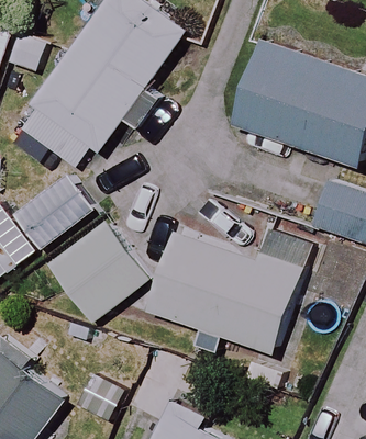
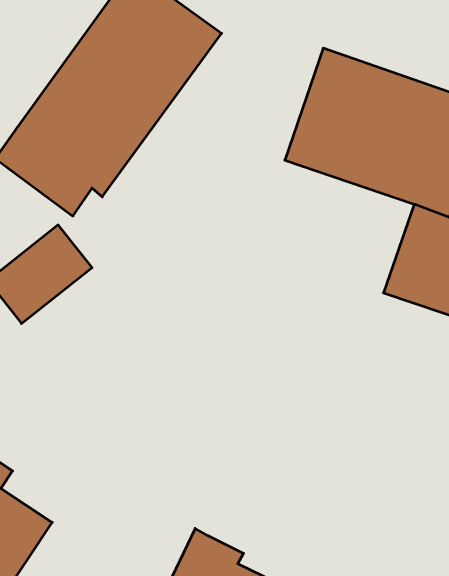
building: [47,221,146,320] -> none
building: [147,233,302,352] -> none

